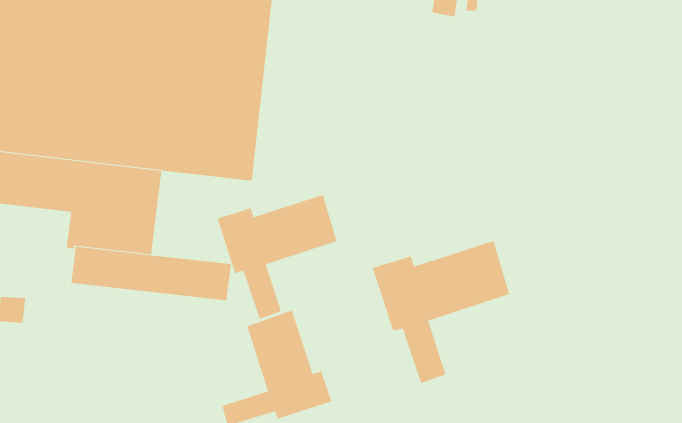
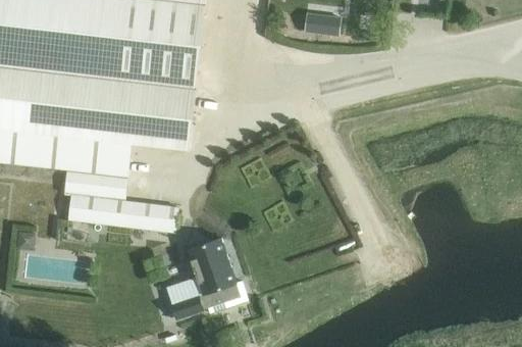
building: [217,194,337,319] -> none
building: [372,240,510,384] -> none

